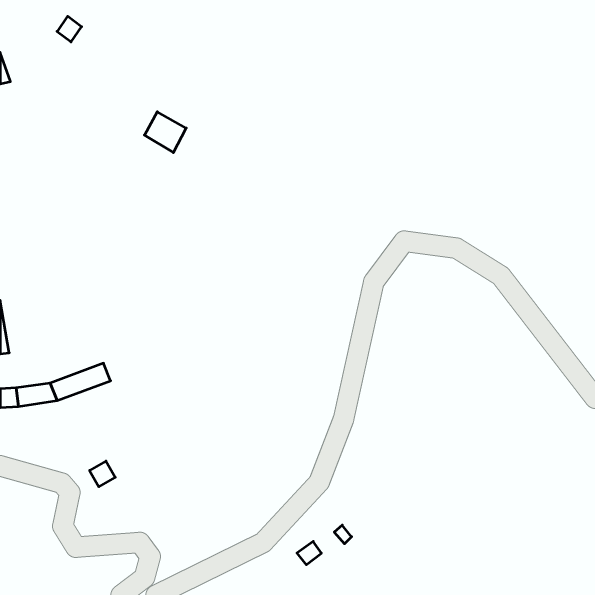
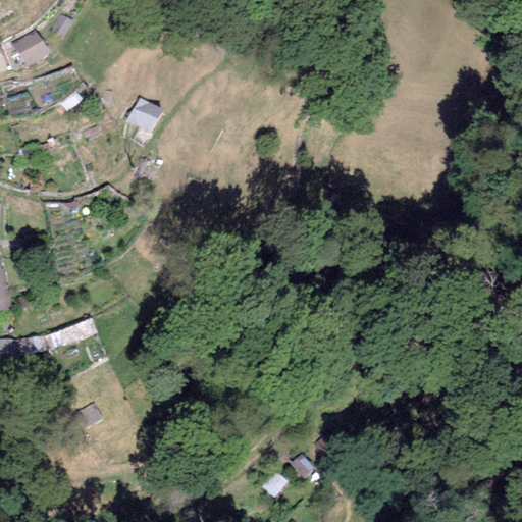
building: none -> [10,29,51,69]

